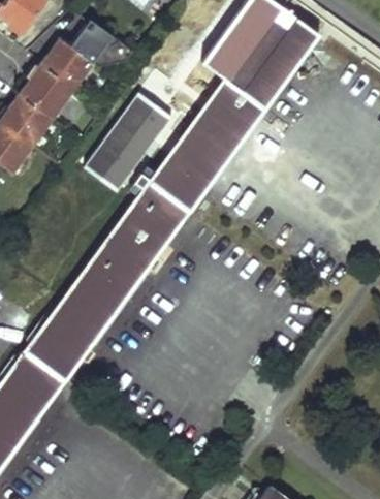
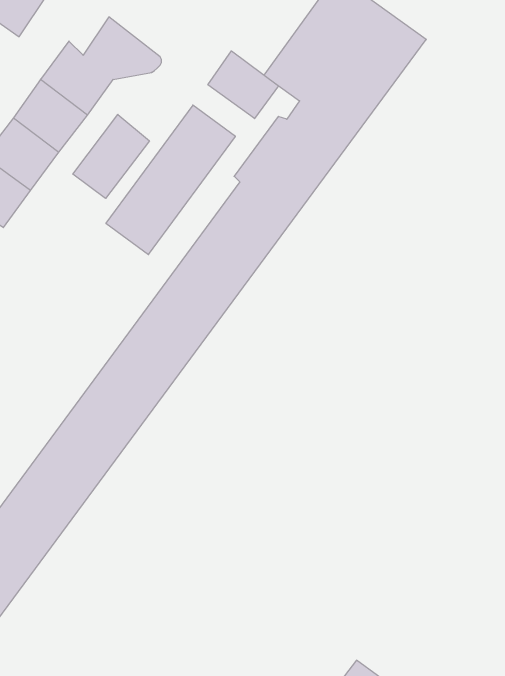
building: none -> [208,51,278,119]
building: none -> [73,114,149,198]

